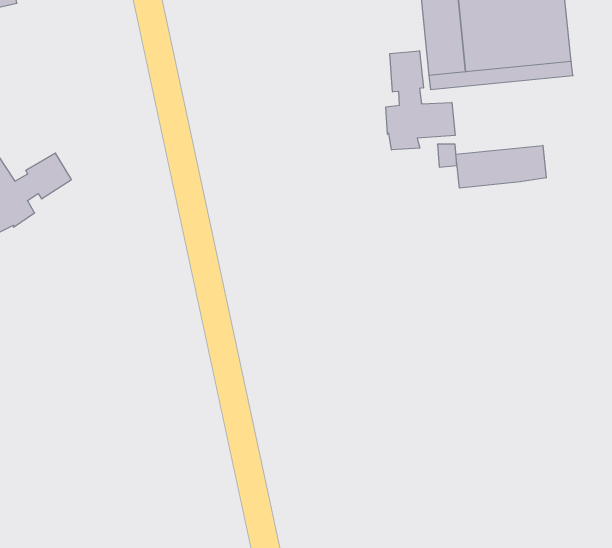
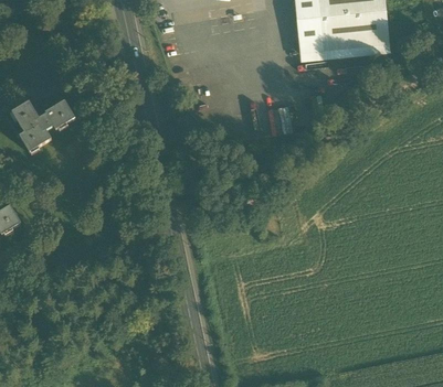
building: [386,51,455,150] -> none
building: [456,145,546,188] -> none

